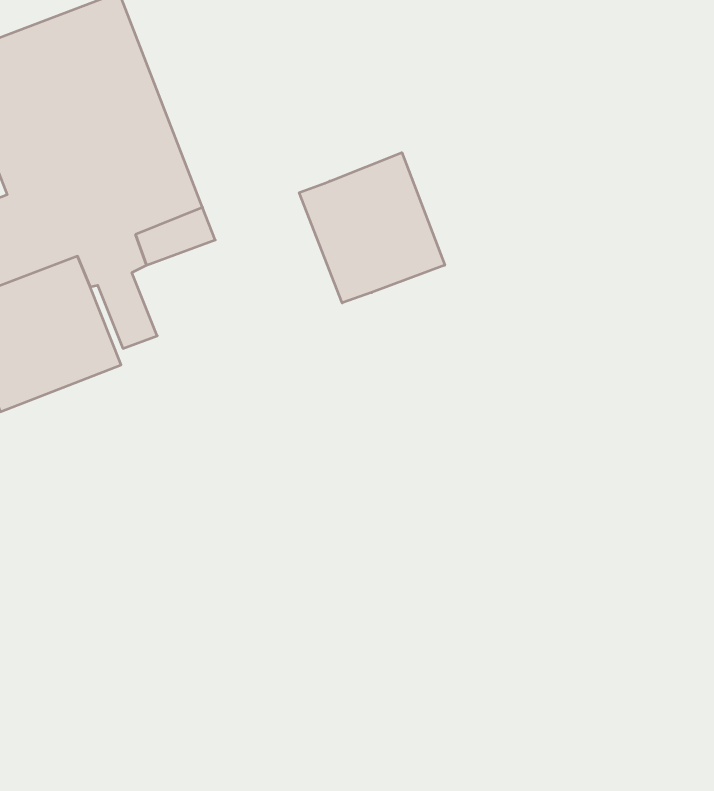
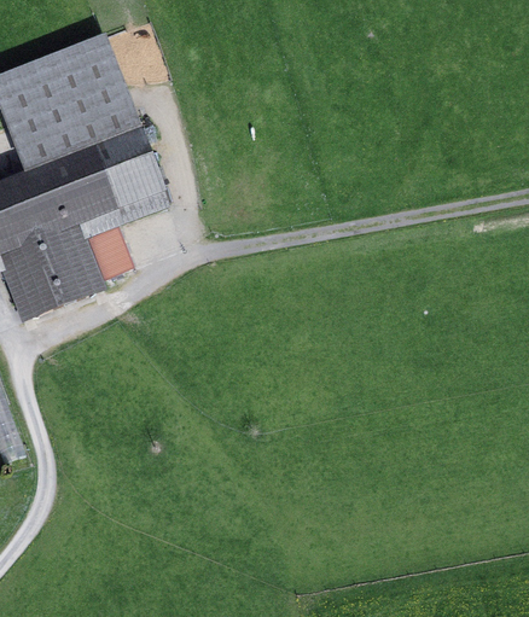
building: [299,153,445,303] -> none

